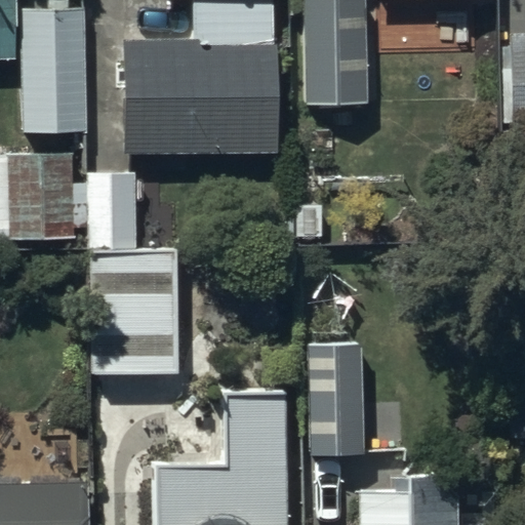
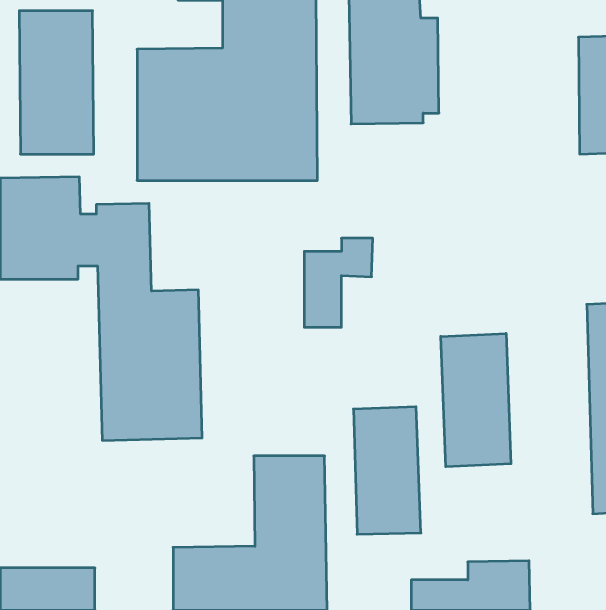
building: none -> [441,333,511,467]

